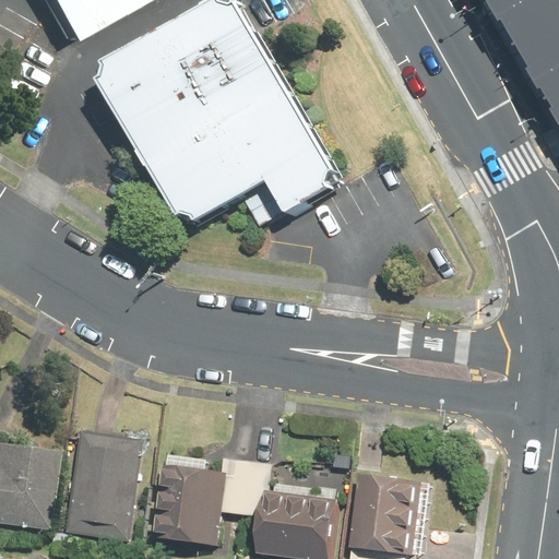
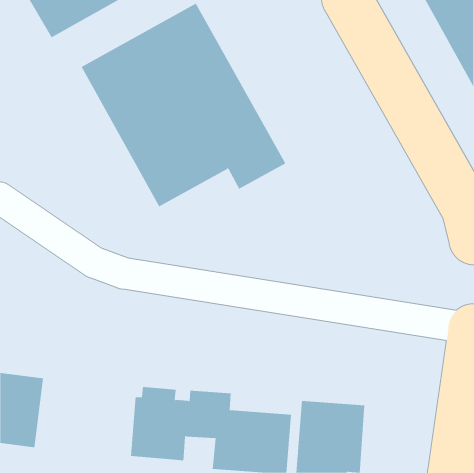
building: [69,429,143,540] -> none

